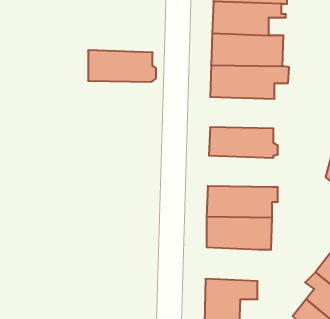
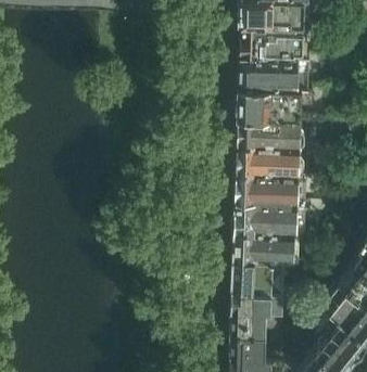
building: [88,50,156,82] -> [239,121,304,152]
building: none -> [237,178,304,208]
building: none -> [235,266,294,298]

